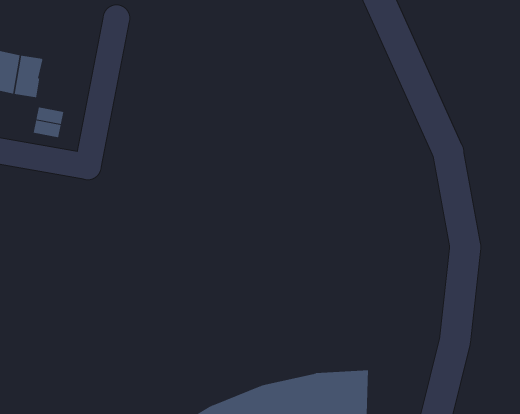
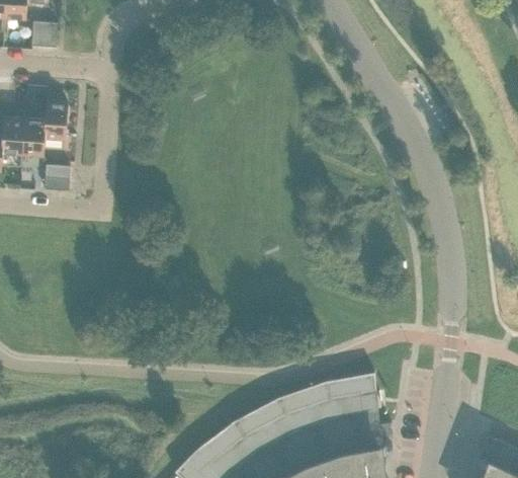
building: none -> [44,102,68,141]

